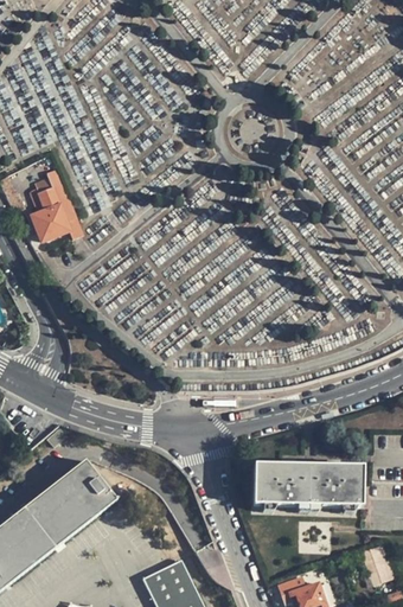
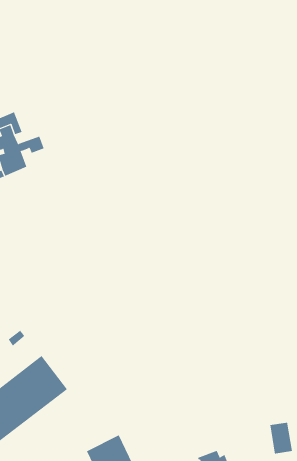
building: [254,460,362,504] -> none

